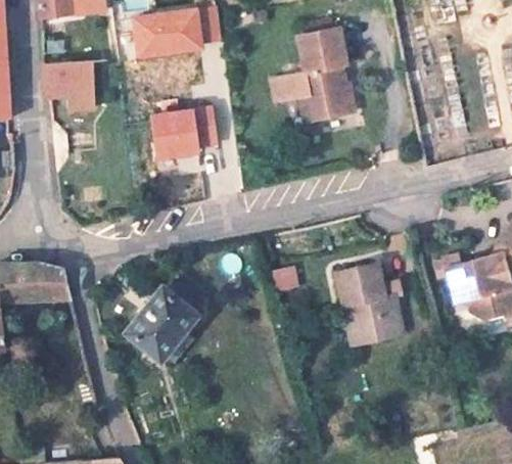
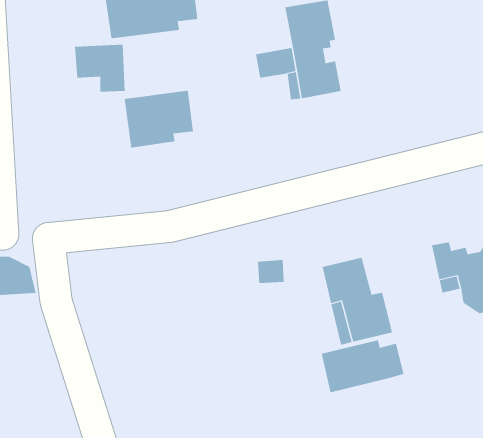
building: [44,64,92,109] -> [74,44,126,92]
building: [128,285,196,351] -> none
building: none -> [321,339,404,393]

